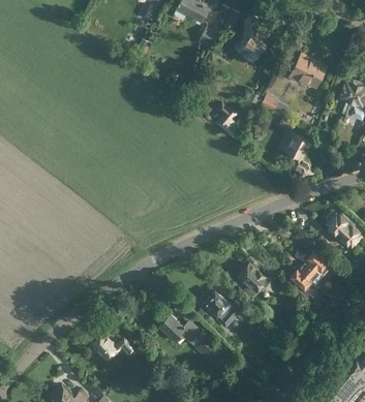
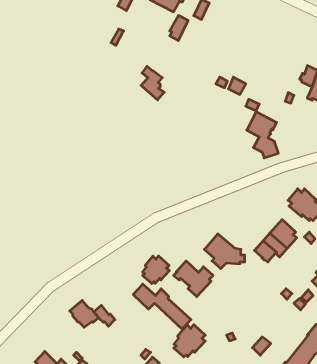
building: [236,18,265,59] -> none
building: [287,52,328,90] -> none
building: [215,102,240,138] -> [141,66,164,100]
building: none -> [143,256,169,284]
building: none -> [174,325,205,357]

